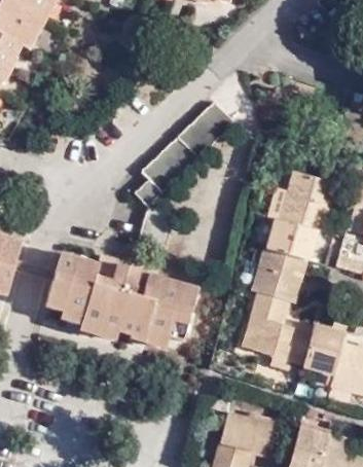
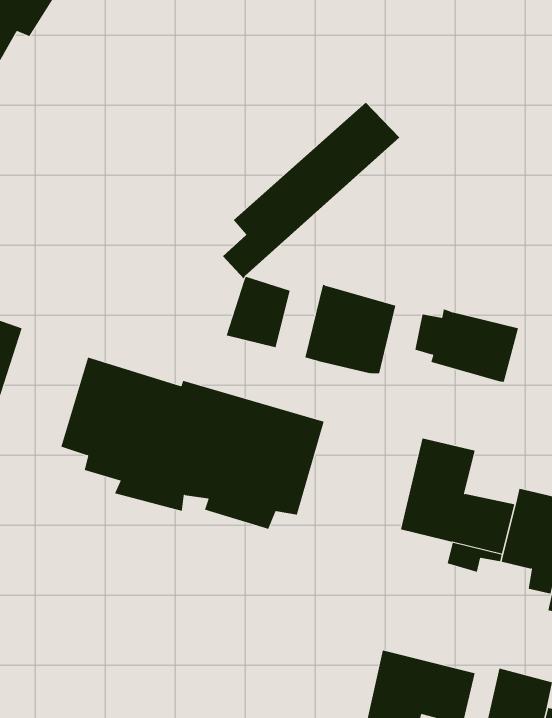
building: [273,181,324,232] -> none
building: [248,250,300,301] -> [304,284,396,374]

